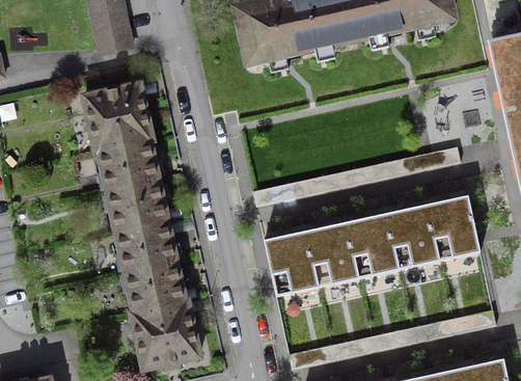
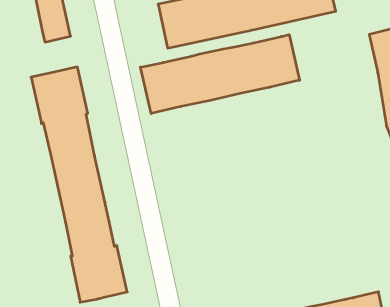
building: none -> [140,35,300,114]
building: [268,195,478,296] -> none

